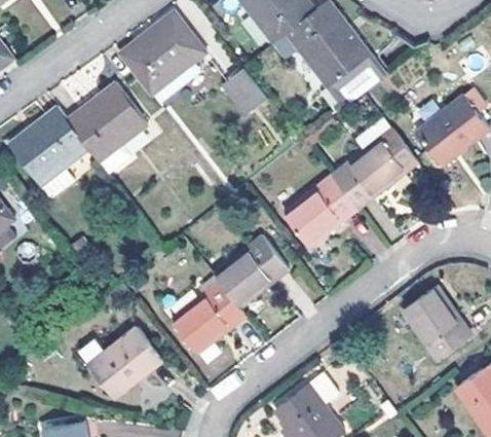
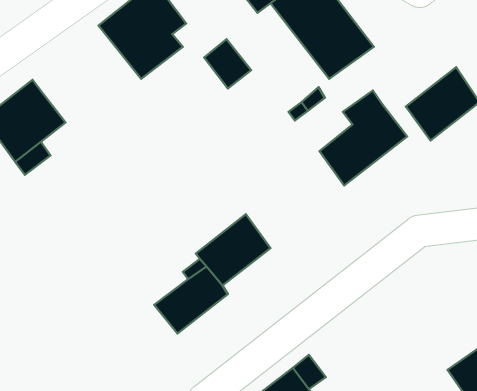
building: [67,82,148,160] -> none
building: [284,176,356,245] -> none
building: [402,287,470,359] -> none
building: [78,327,160,395] -> none

